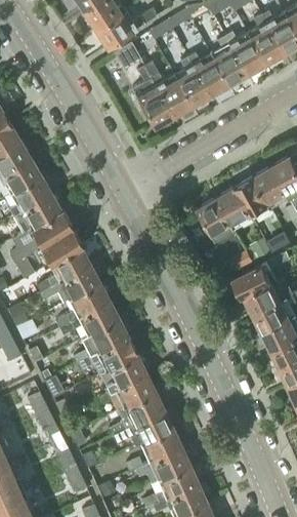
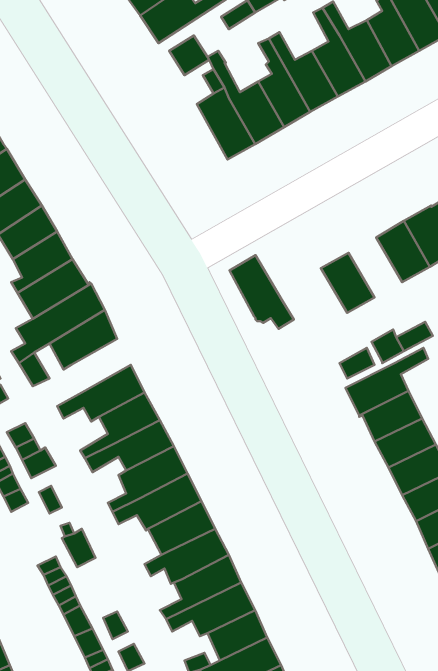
building: [235,177,270,217] -> none
building: [199,198,242,247] -> [230,255,294,329]
building: [36,245,89,291] -> none

